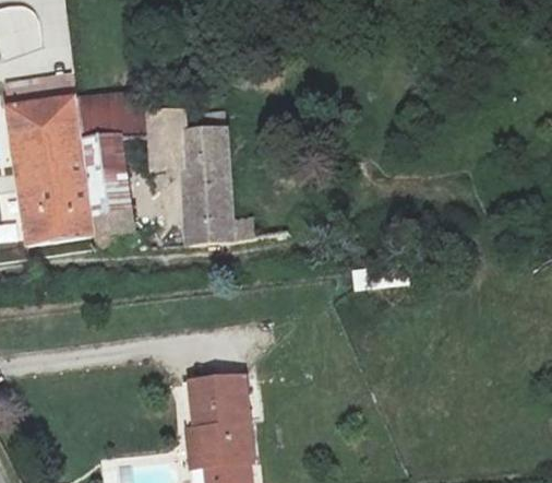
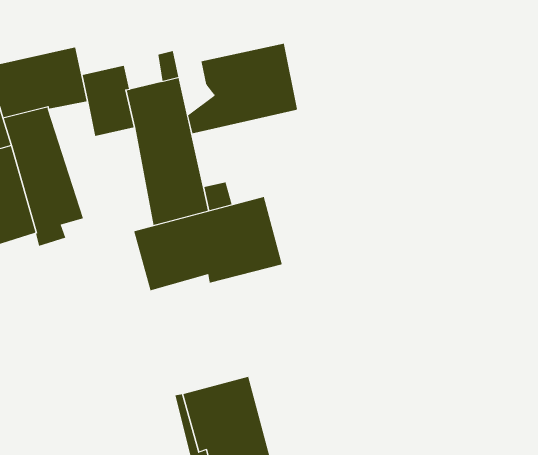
building: none -> [187,43,298,134]
building: none -> [133,196,283,291]

